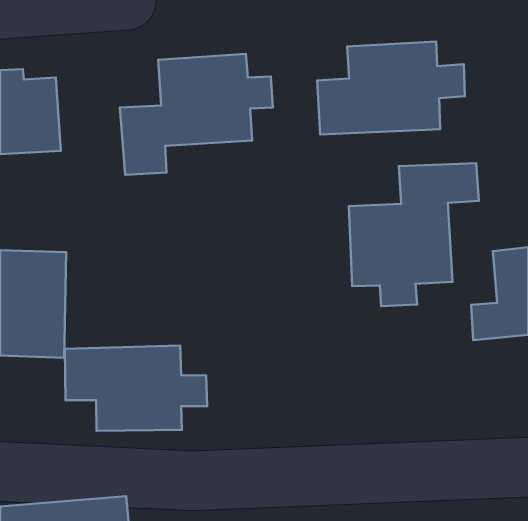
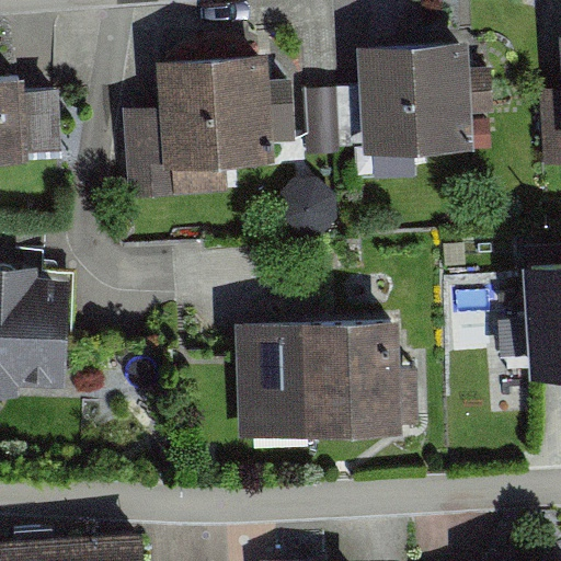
building: [349,163,479,306] -> none
building: none -> [237,318,404,439]
building: [65,346,207,431] -> none

